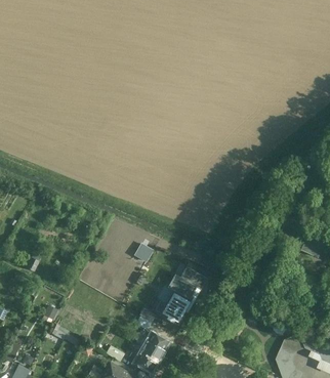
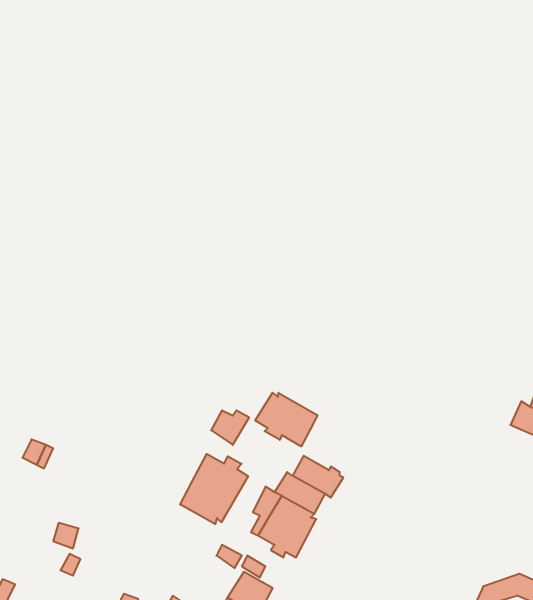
building: none -> [255,393,317,446]
building: none -> [180,454,248,524]

